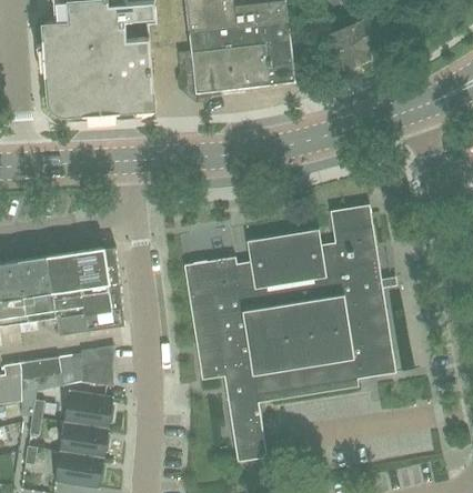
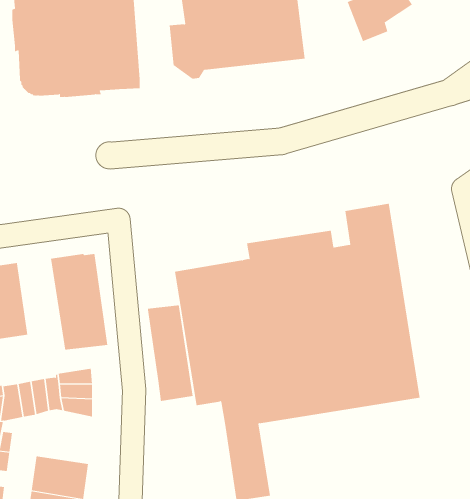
building: [49,253,89,336] -> [147,305,194,401]
building: [64,393,114,430] -> none

